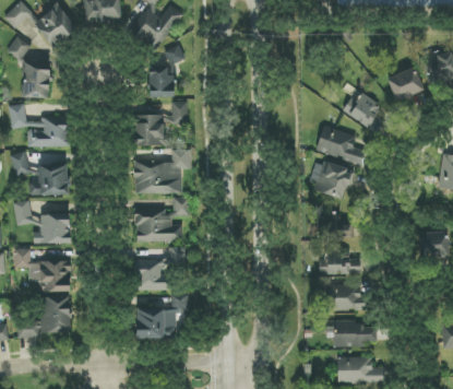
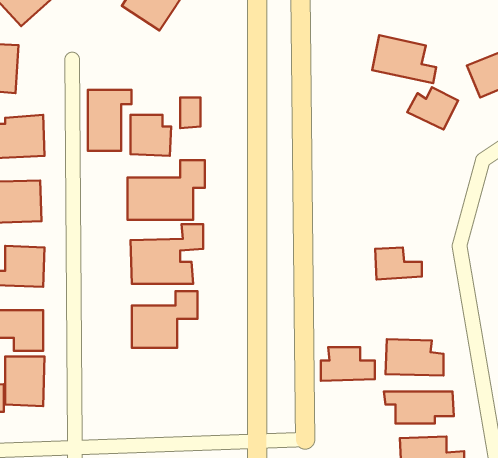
building: [148,50,181,96] -> [88,90,131,151]
building: [315,127,363,163] -> [372,35,436,83]
building: [307,160,351,198] -> none
building: [319,249,359,274] -> [321,347,375,381]
building: [135,295,187,339] -> none

